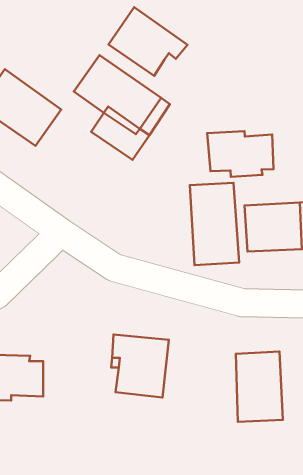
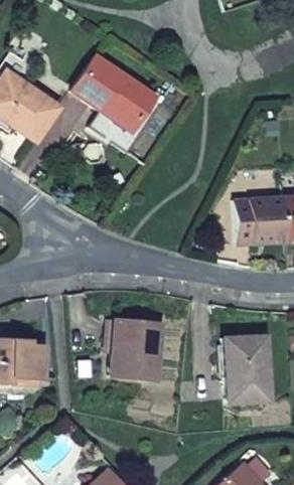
building: [109,7,188,76] -> none
building: [207,131,273,177] -> none
building: [190,183,239,265] -> none

